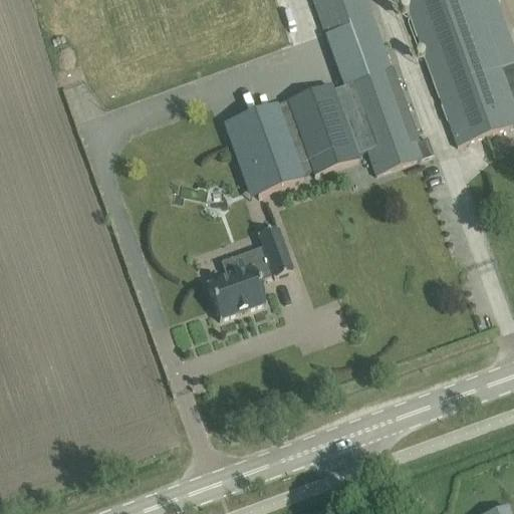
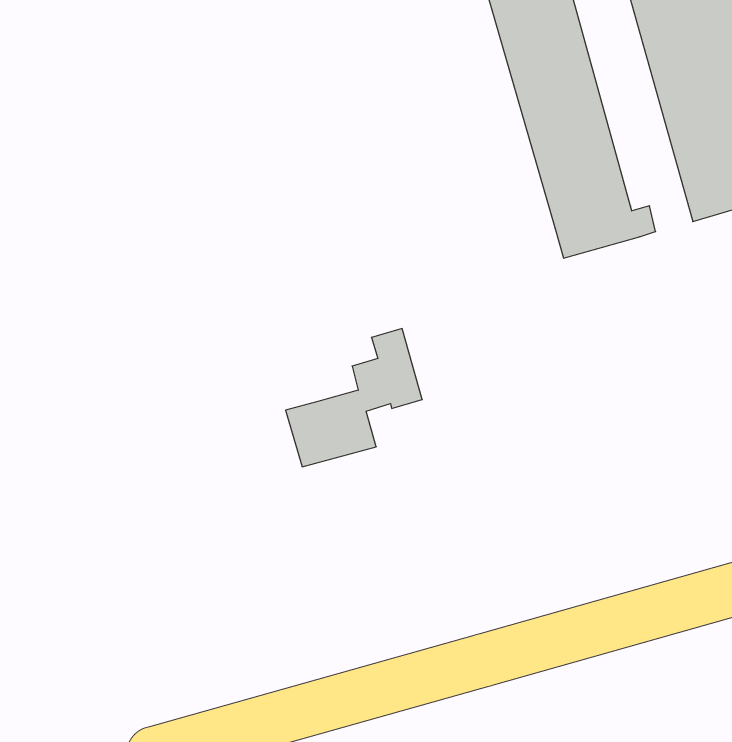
building: [288,81,359,173] -> none
building: [225,100,304,195] -> none

